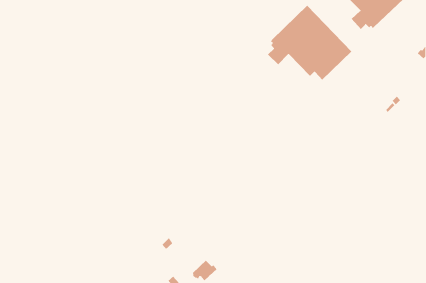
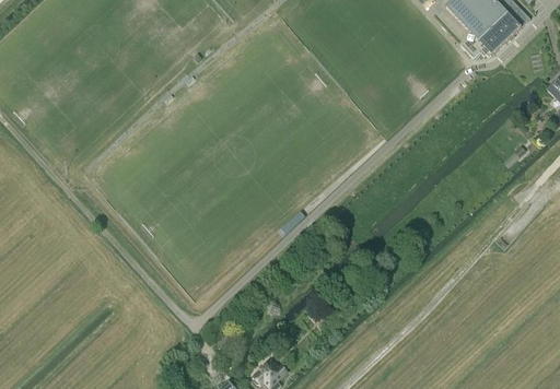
building: [267,5,352,80] -> none

